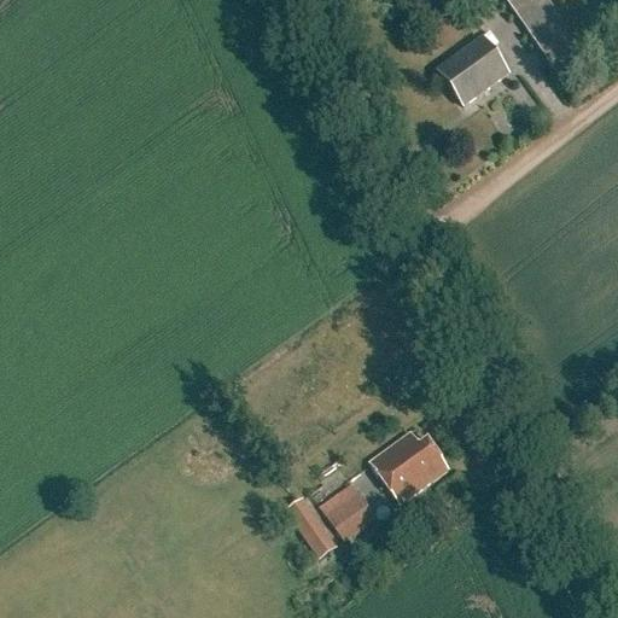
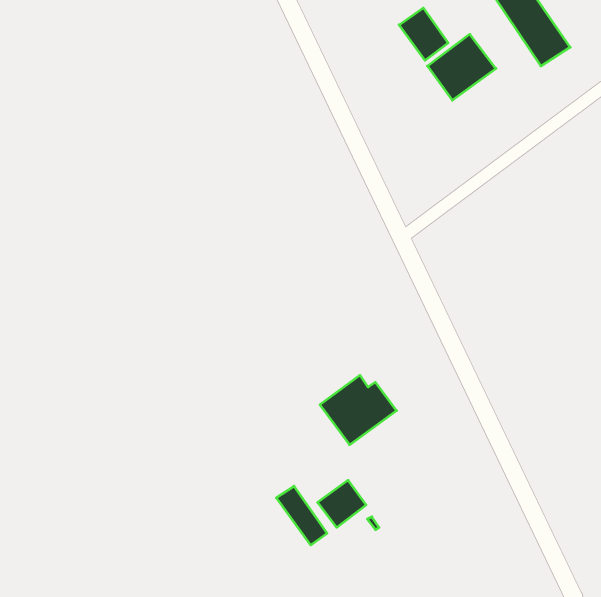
building: none -> [399,8,448,60]
building: [371,428,449,500] -> [320,375,397,445]

